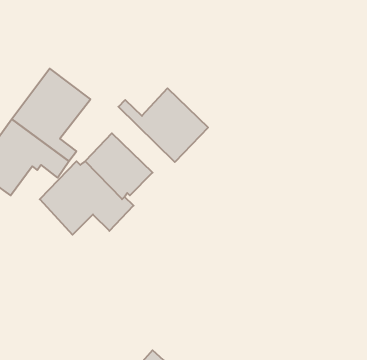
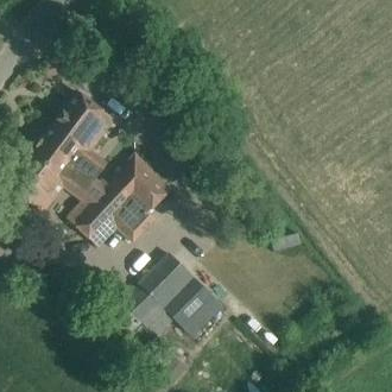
building: [118,88,208,162] -> none
building: none -> [121,253,222,336]

